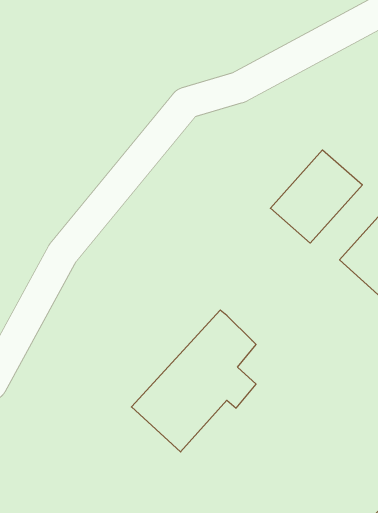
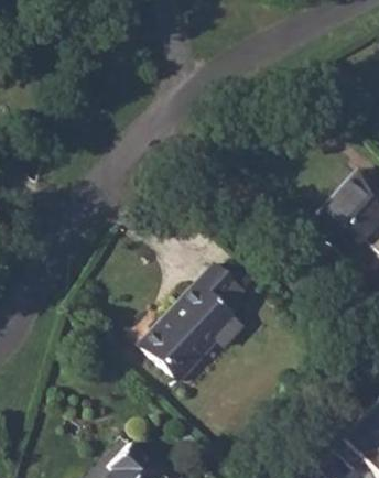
building: [270,150,362,243] -> none

